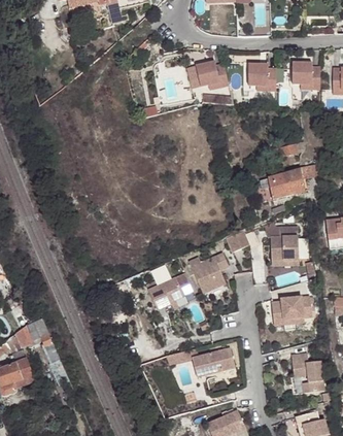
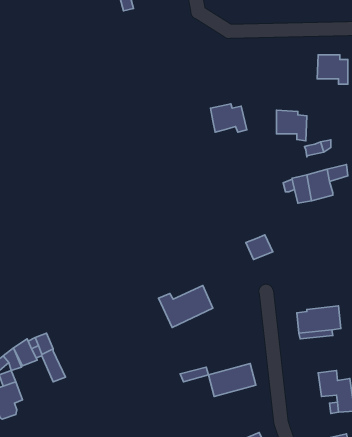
building: [195,62,228,88] -> [211,104,247,132]
building: [247,64,275,92] -> [276,110,307,141]
building: [270,224,299,258] -> none
building: [190,251,229,292] -> none

